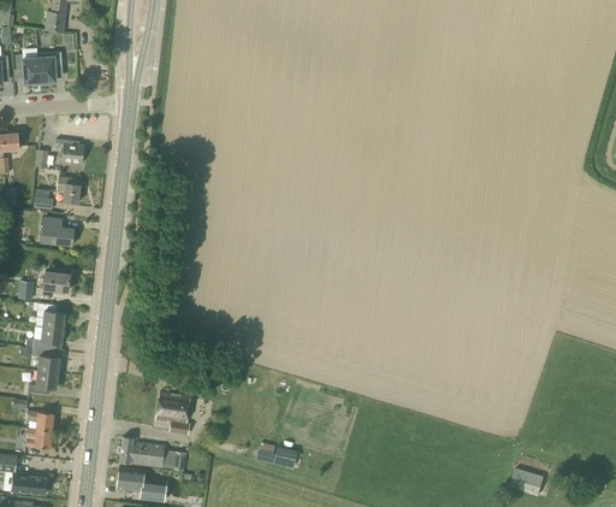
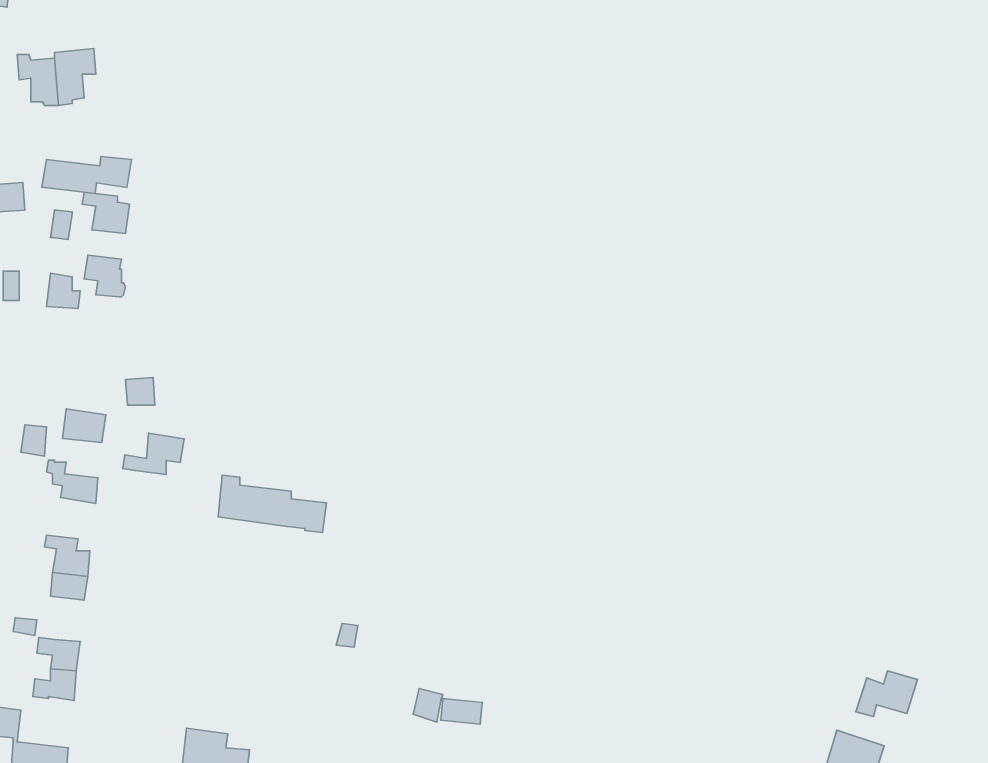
building: none -> [42,156,131,194]
building: [42,218,75,244] -> none
building: [26,325,64,350] -> [123,433,184,474]
building: [156,393,191,434] -> none
building: none -> [856,671,918,716]
building: [120,436,186,471] -> [218,475,327,532]

